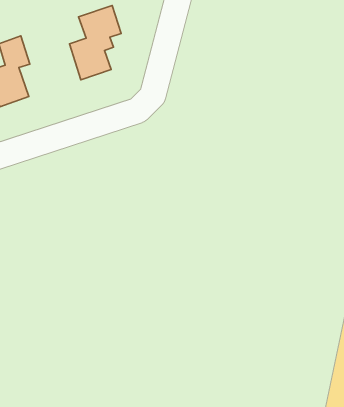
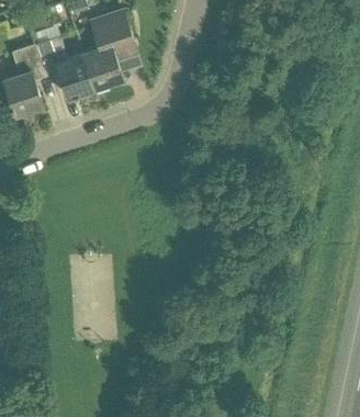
building: none -> [36,37,94,98]

